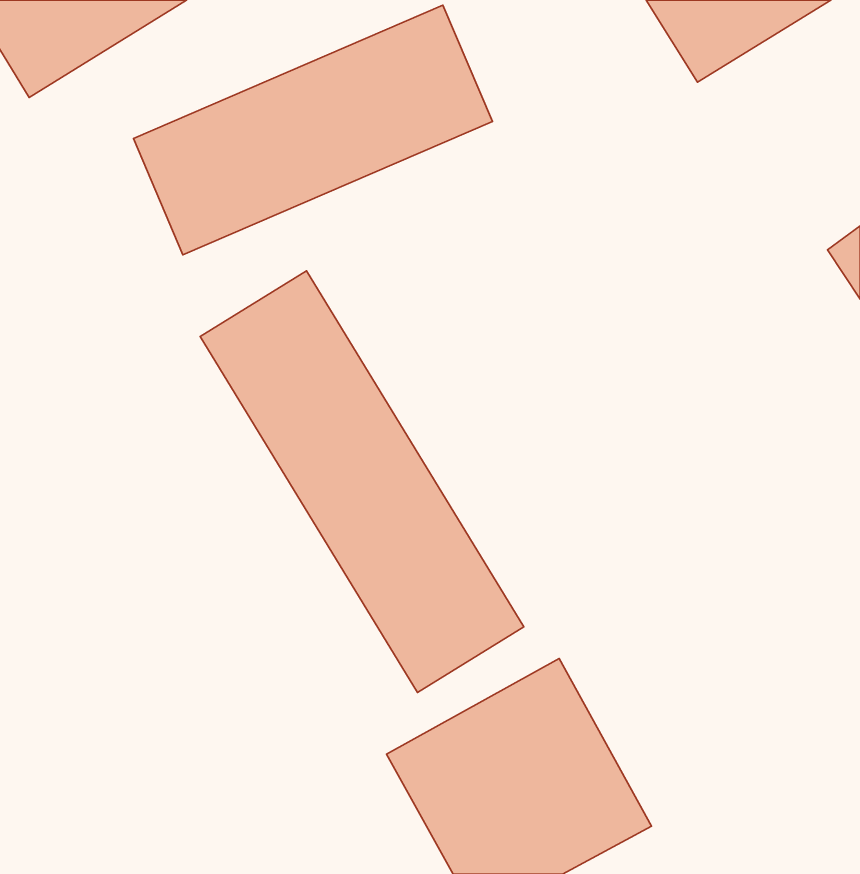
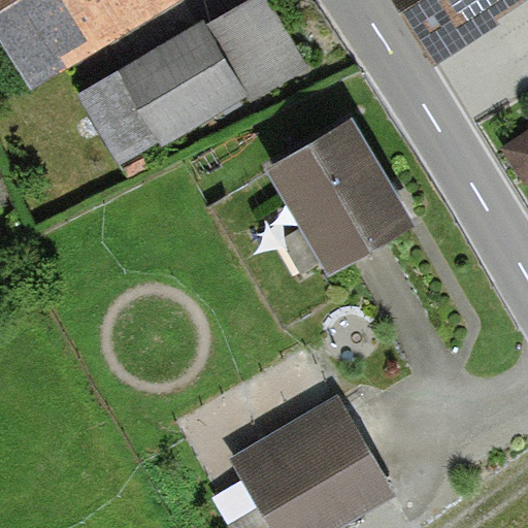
building: none -> [268,124,411,275]
building: [200,271,524,693] -> none

